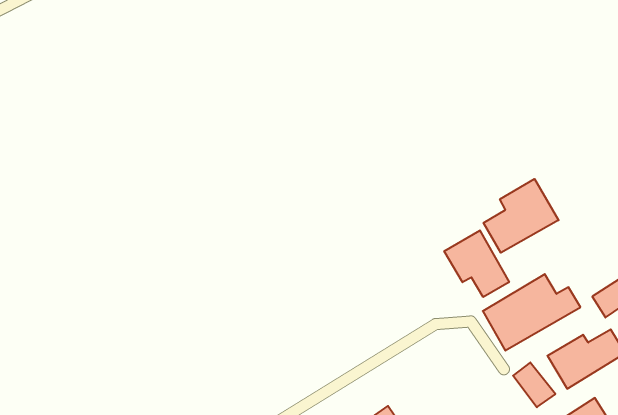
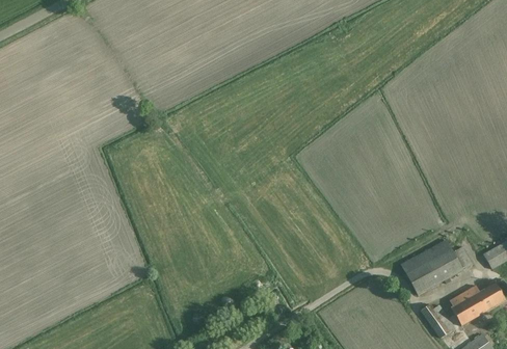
building: [484,179,559,253] -> none
building: [444,230,509,297] -> none

